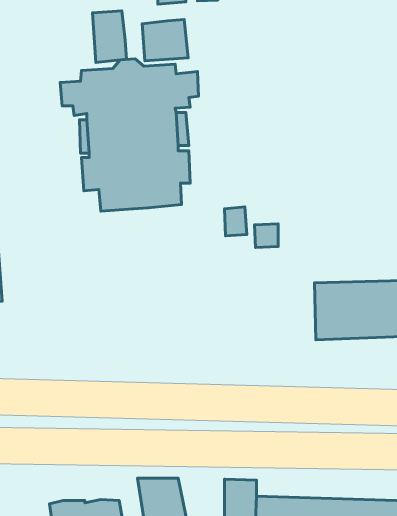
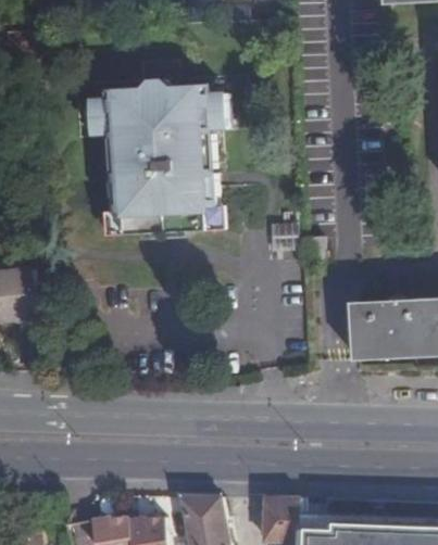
building: [92,11,126,63] -> none
building: [142,20,188,61] -> none

